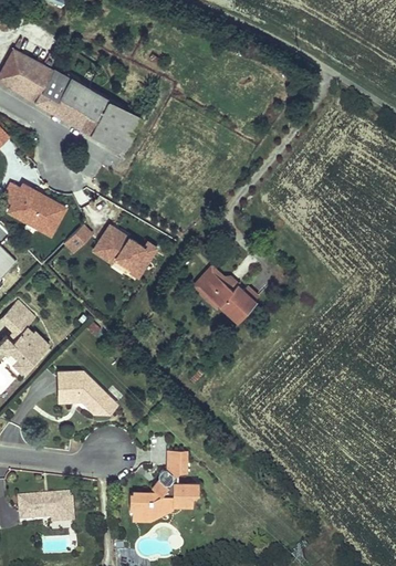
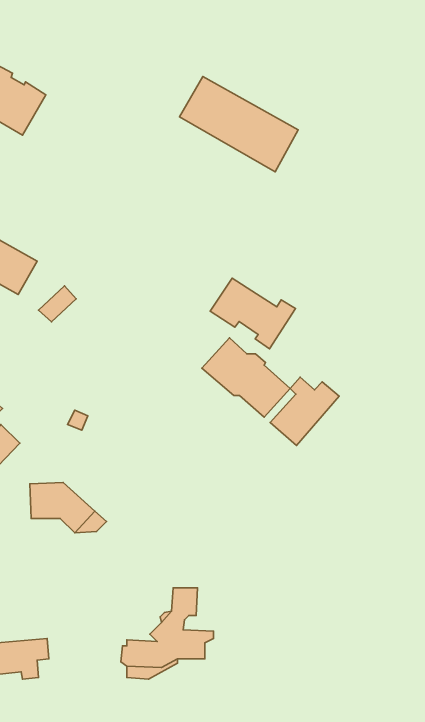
building: [52,78,143,151] -> [180,76,298,172]
building: [93,224,158,279] -> [210,278,296,349]
building: none -> [270,377,339,446]

